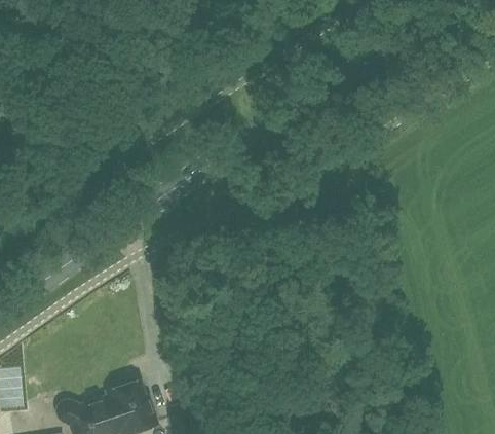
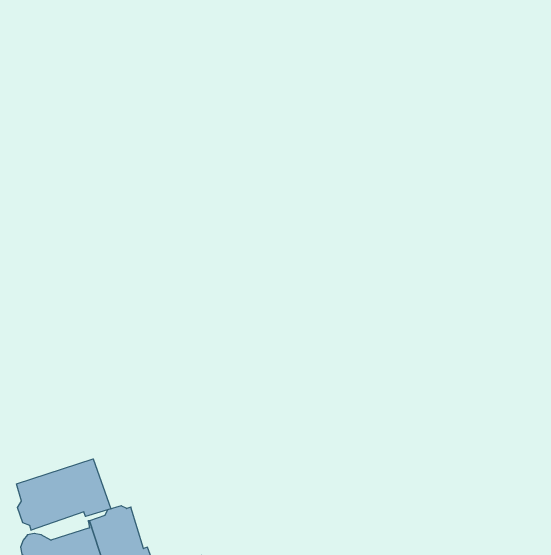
building: none -> [17,459,111,530]

